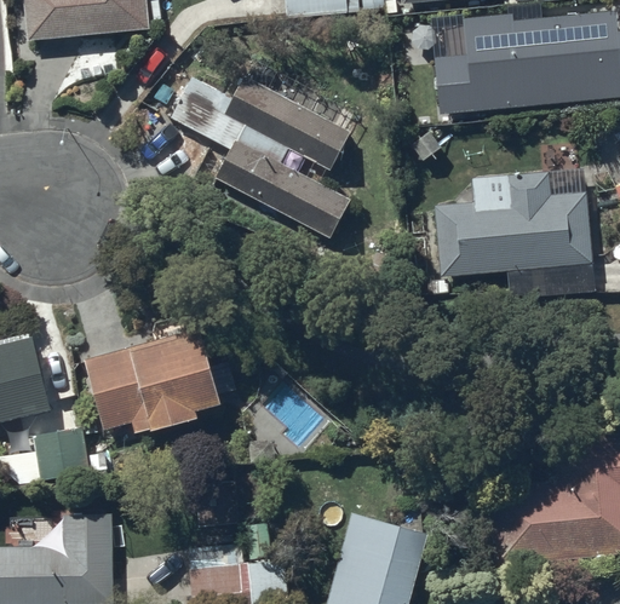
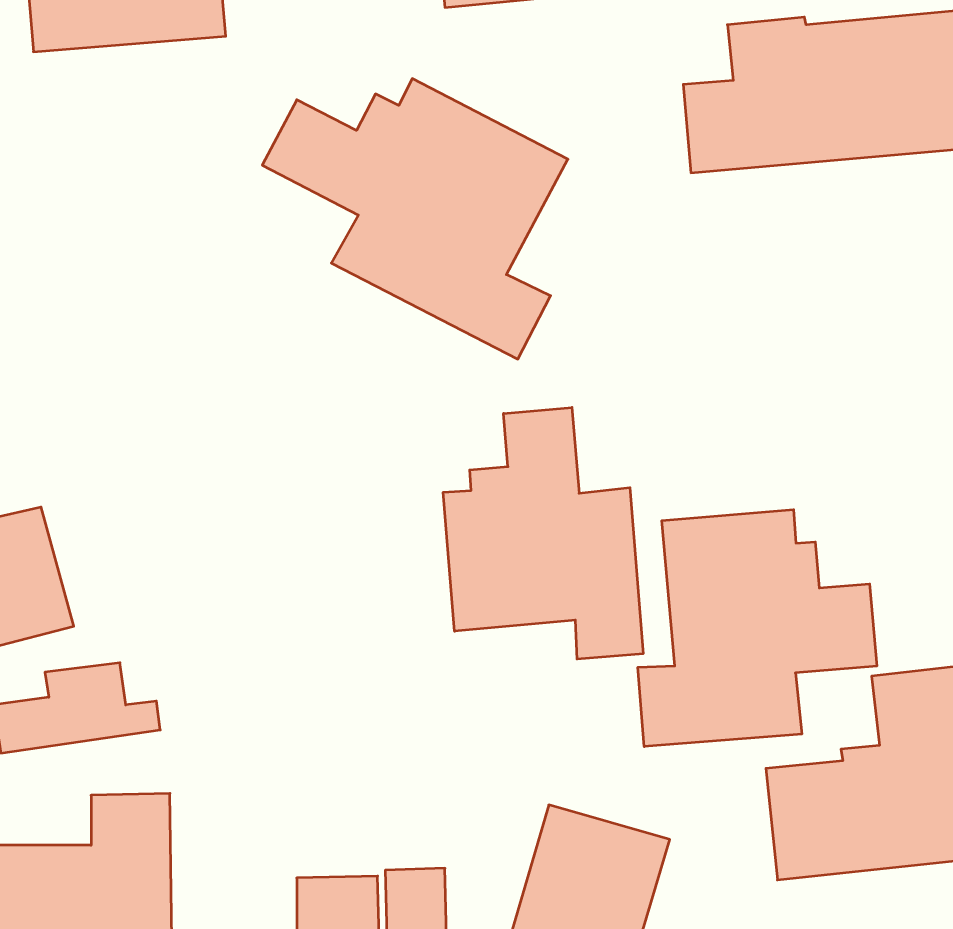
building: [434,179,592,284] -> none
building: none -> [443,407,643,659]
building: [82,324,235,430] -> none
building: none -> [638,510,877,747]

